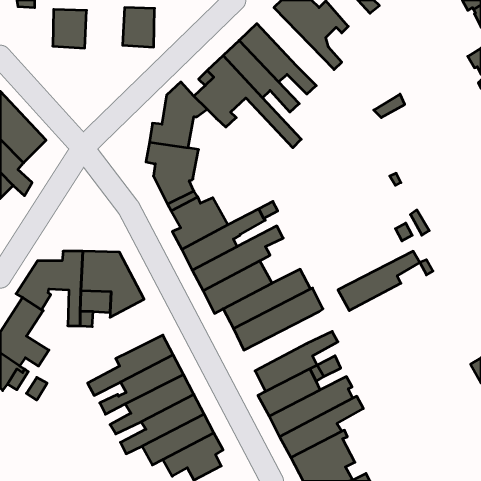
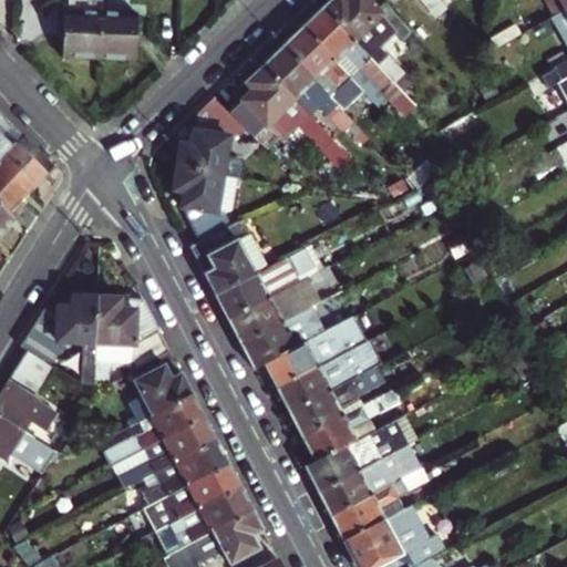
building: none -> [302,9,415,116]
building: [123,8,155,47] -> [100,12,137,59]
building: [338,251,420,311] -> [287,367,383,436]
building: none -> [134,365,192,414]

